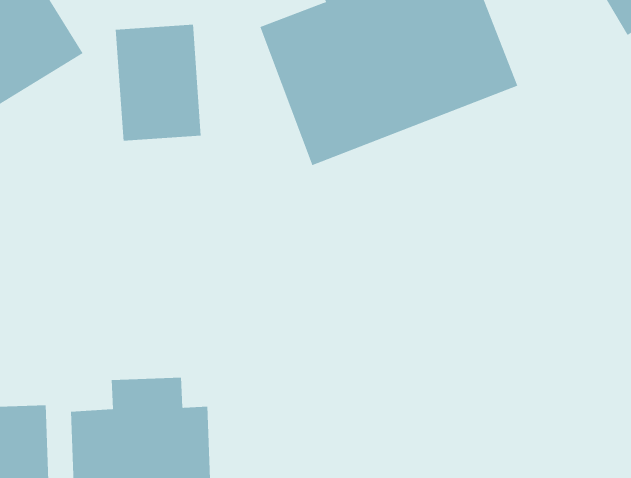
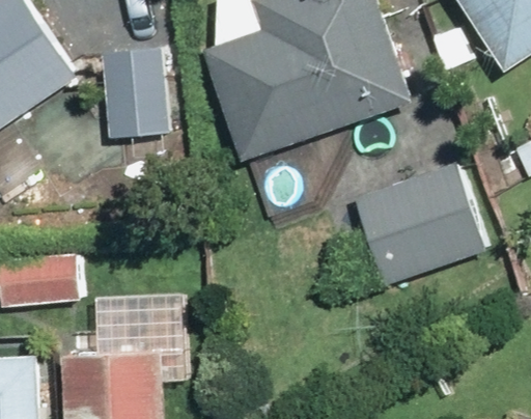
building: none -> [350,158,486,285]

